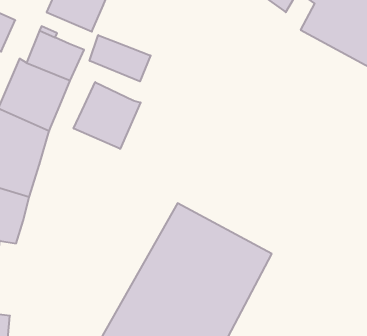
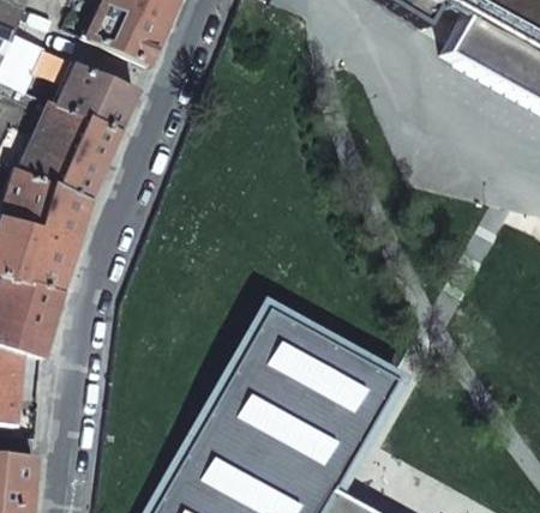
building: [90,35,151,81] -> none
building: [74,82,141,149] -> none

